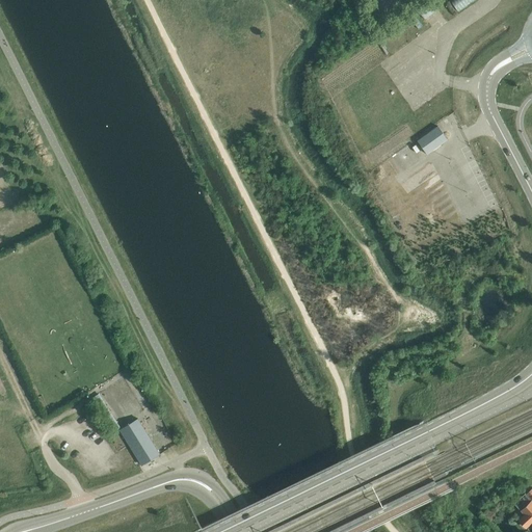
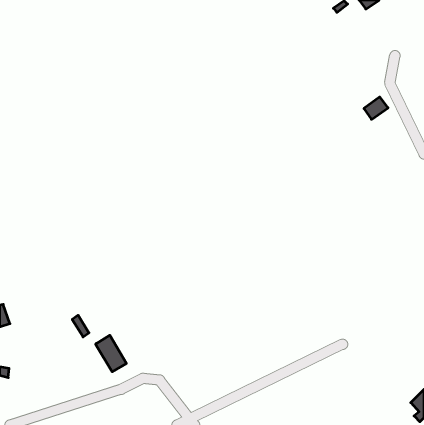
building: [417,126,447,154] -> [364,97,388,119]

